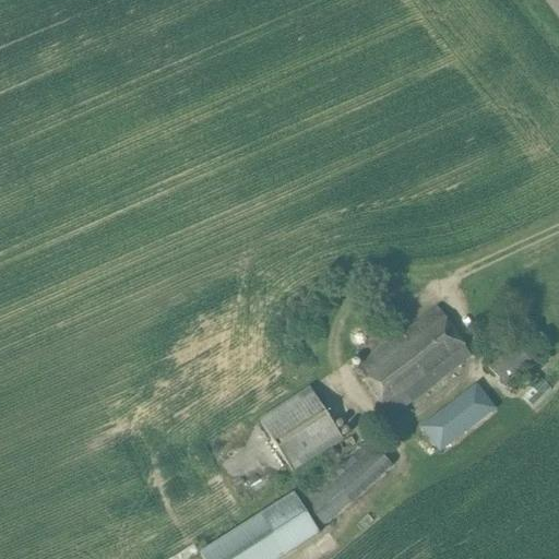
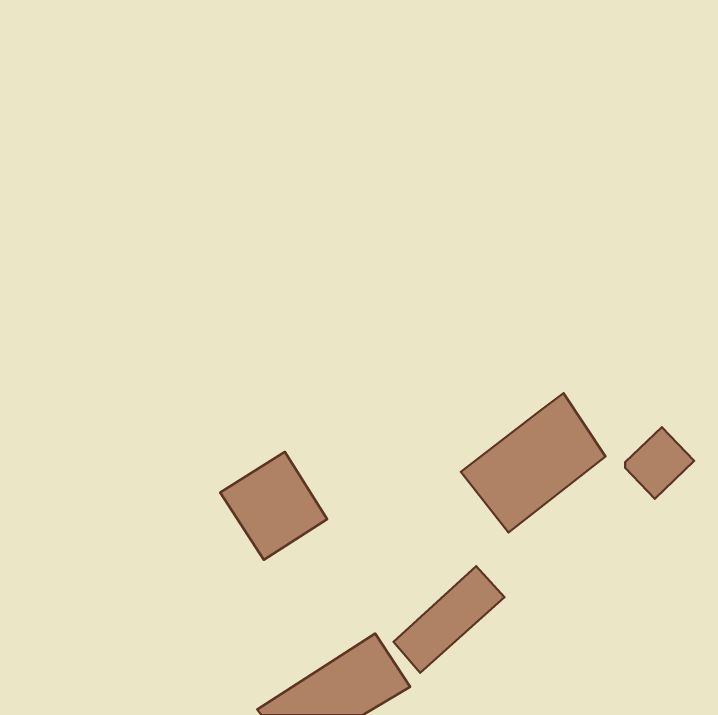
building: [428,380,496,440] -> none
building: [260,386,343,471] -> [220,452,327,560]

